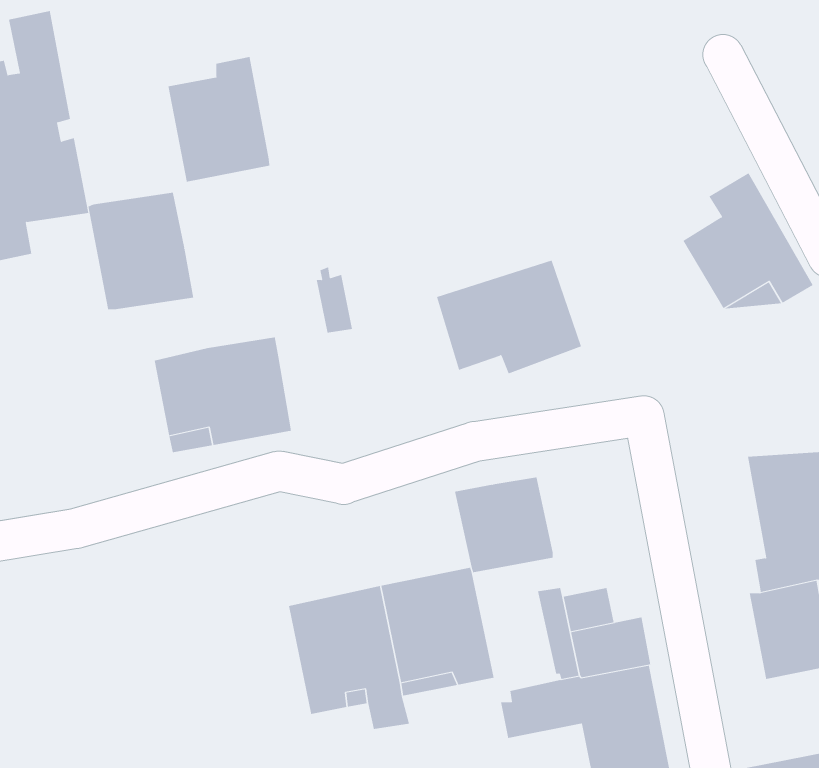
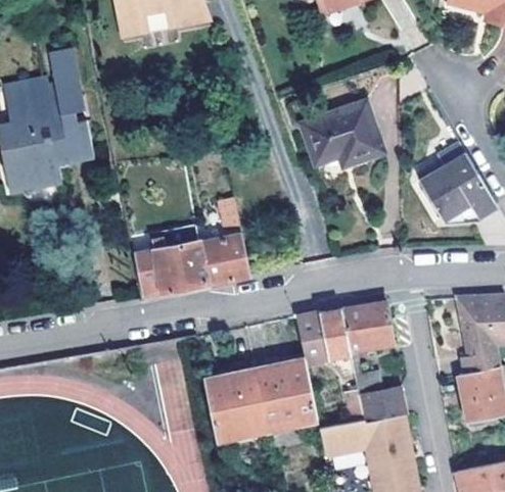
building: [168,56,270,183] -> none
building: [88,192,194,310] -> none
building: [436,260,582,374] -> [302,102,382,165]
building: none -> [199,236,250,284]
building: none -> [342,301,394,351]

